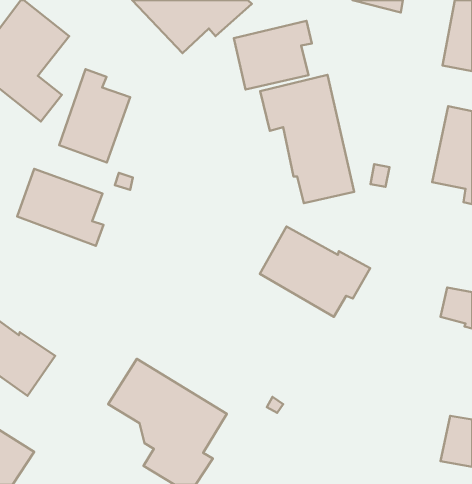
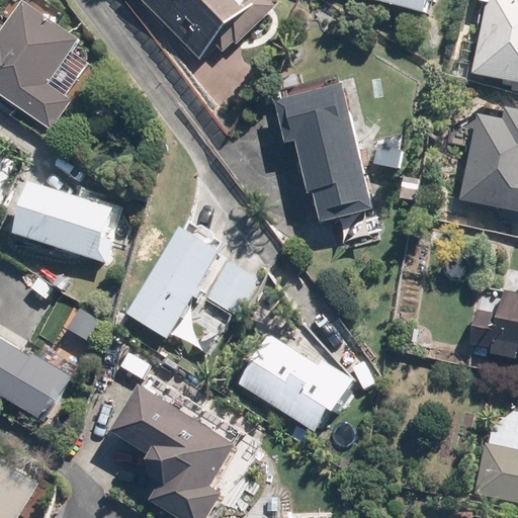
building: [234,21,312,90] -> none
building: [59,69,130,162] -> none
building: none -> [126,226,253,336]
building: [260,227,370,317] -> [239,333,356,429]

